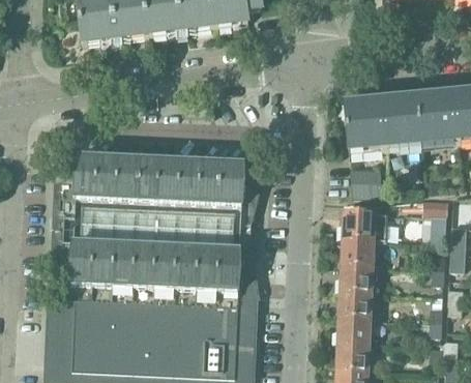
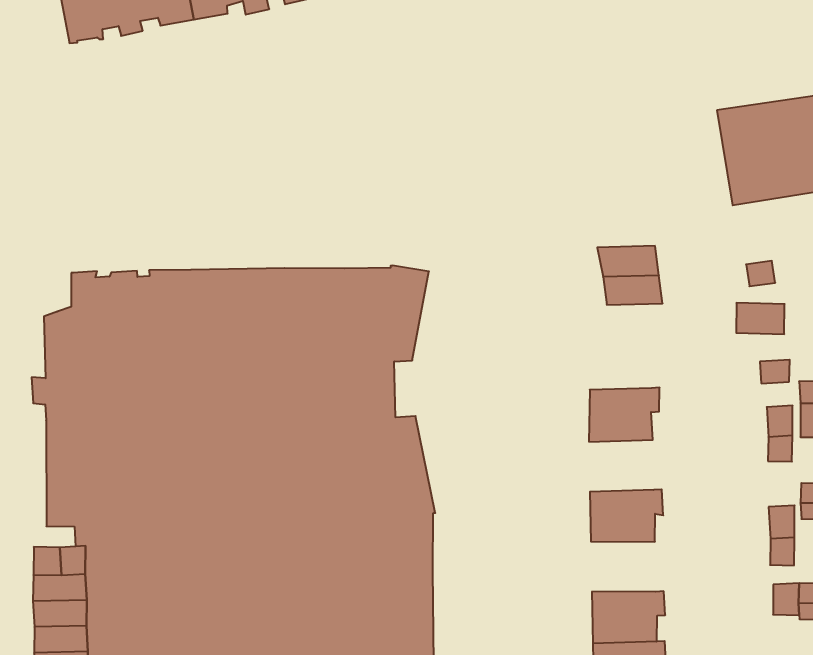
building: [345,93,421,149] -> none
building: [342,207,387,236] -> none
building: [338,261,377,288] -> none
building: [336,313,375,341] -> none

